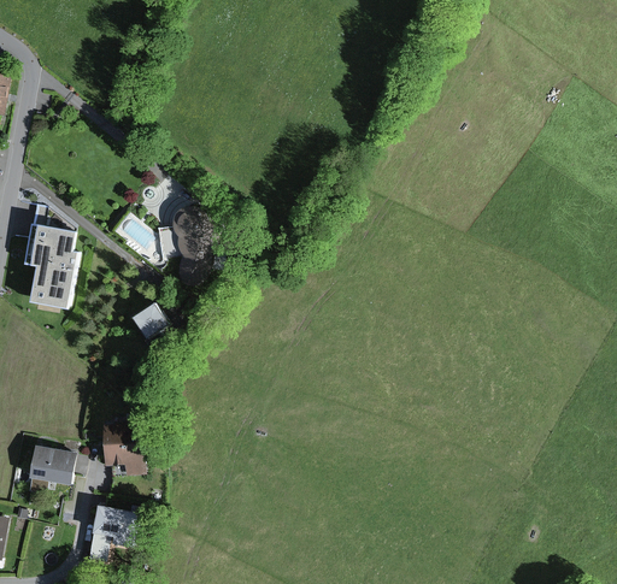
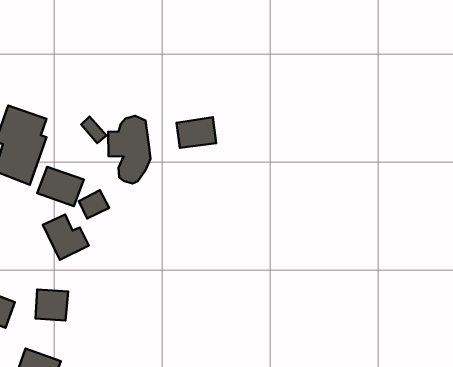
building: none -> [176,117,216,148]
building: none -> [37,167,84,206]
building: none -> [43,214,89,260]

